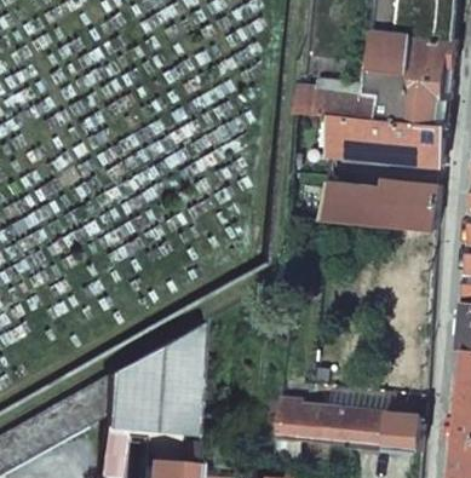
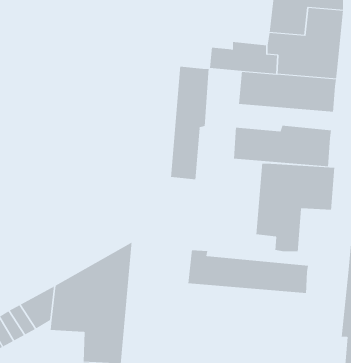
building: none -> [171,66,209,180]
building: none -> [256,163,335,252]
building: [274,397,421,450] -> [187,250,309,294]

